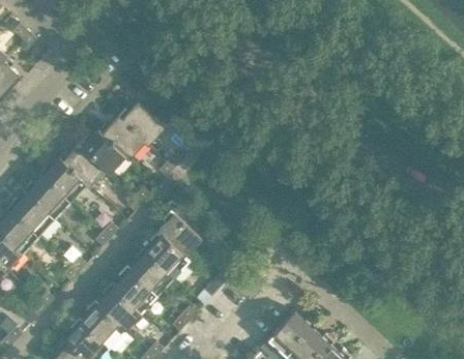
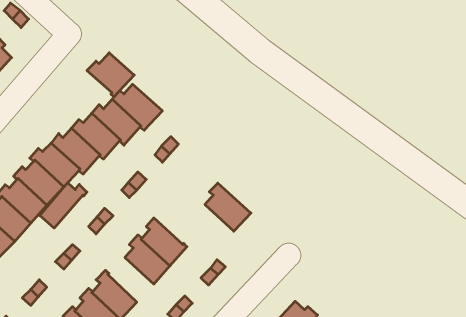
building: none -> [87,53,134,97]
building: none -> [40,183,87,228]
building: [155,213,200,260] -> [205,183,251,231]
building: [111,267,155,316] -> none

